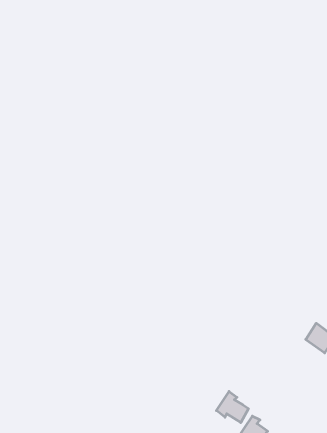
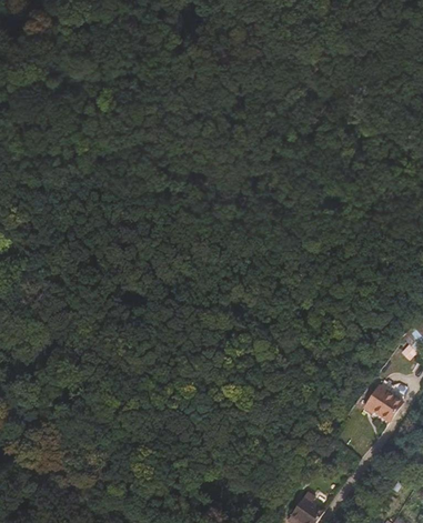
building: [216,391,248,423] -> none

